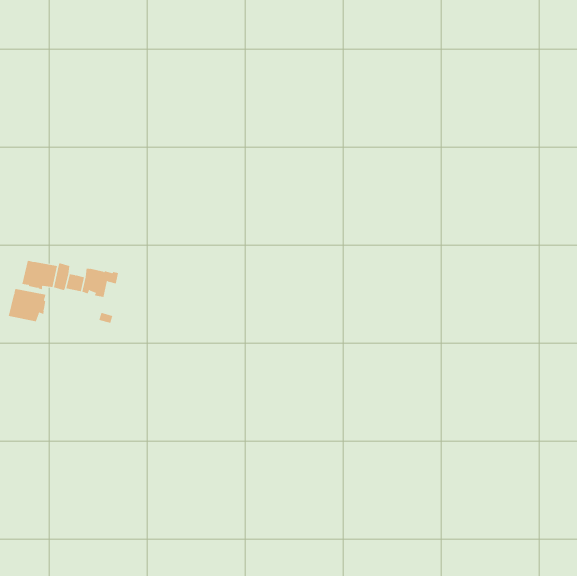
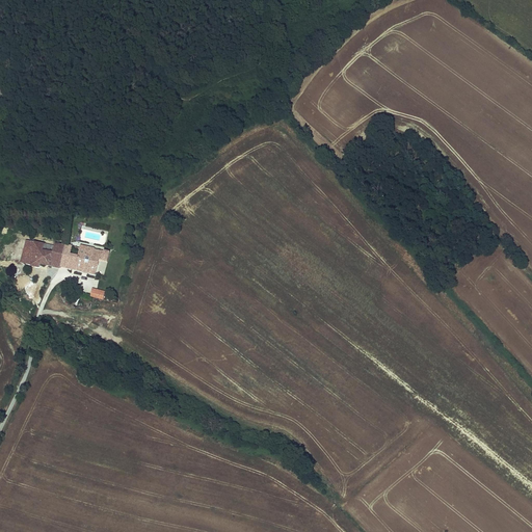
building: [8,288,46,322] -> none

